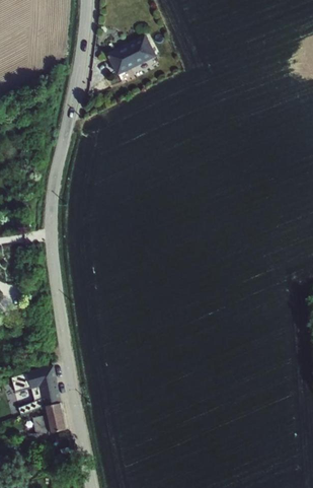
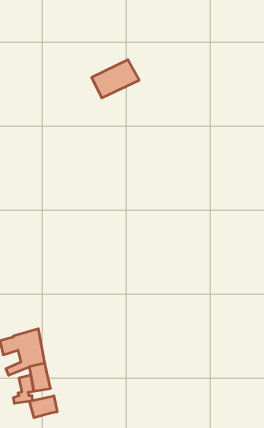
building: [105,36,157,77] -> [92,60,139,98]
building: none -> [30,396,57,418]

